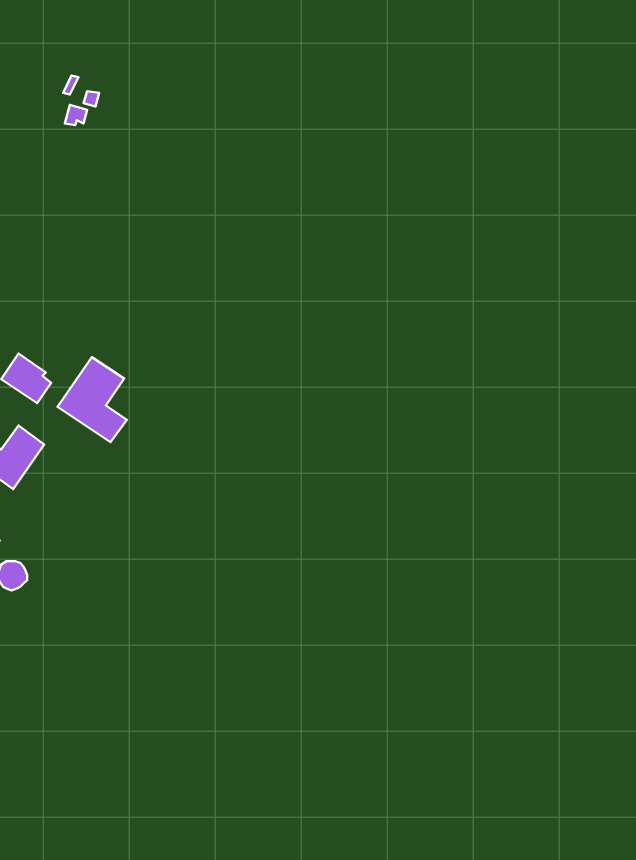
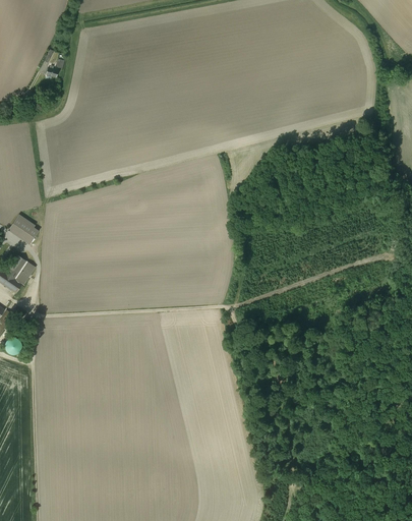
building: [58,357,127,442] -> none

